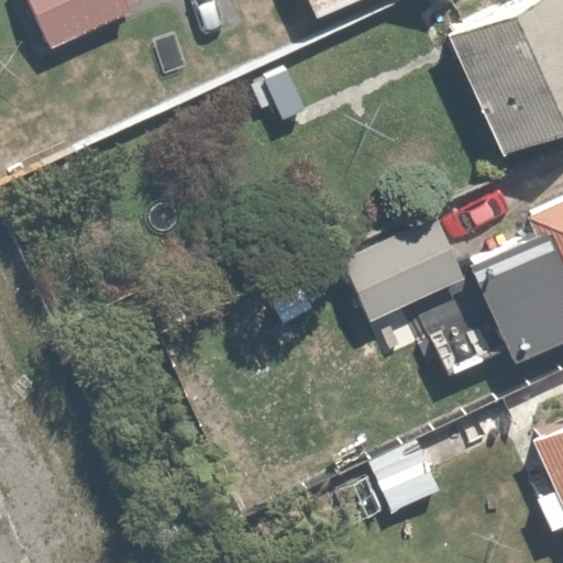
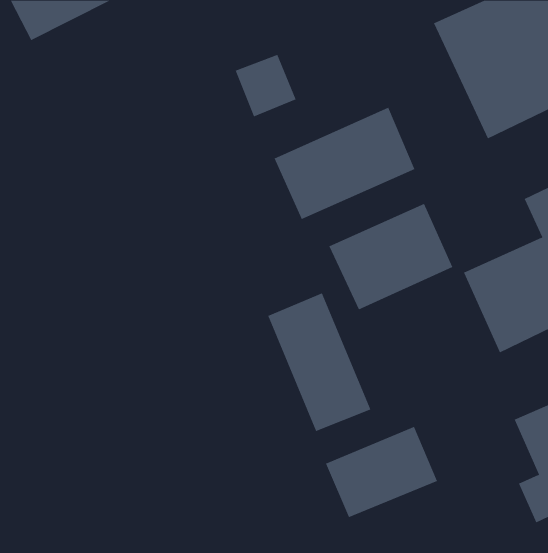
building: none -> [274,107,415,220]
building: none -> [267,293,371,432]

